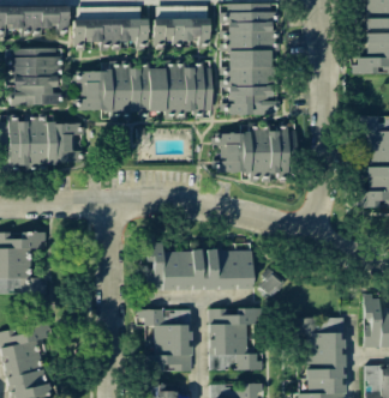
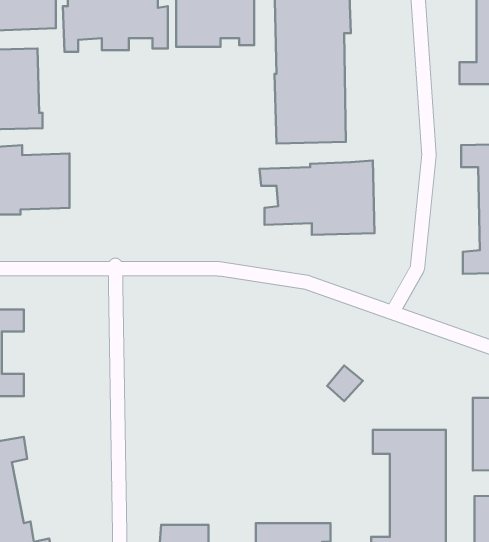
building: [72,62,213,119] -> none
building: [145,240,252,290] -> none
building: [209,308,259,369] -> none
building: [137,309,192,370] -> none

